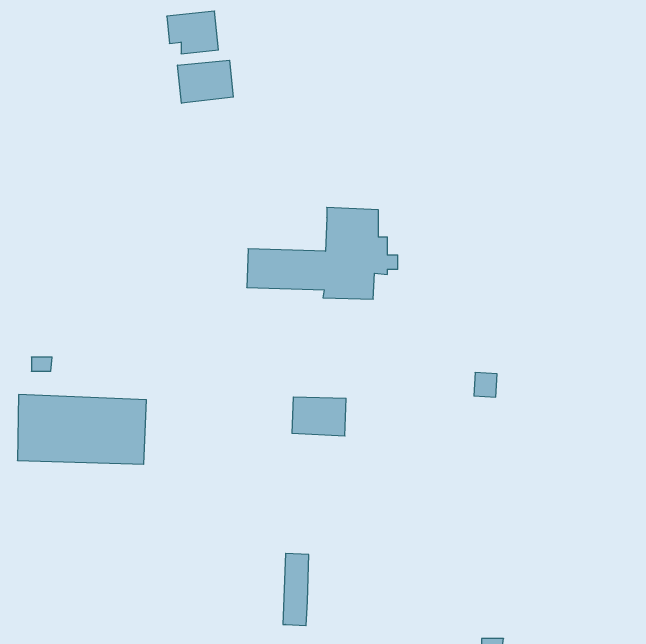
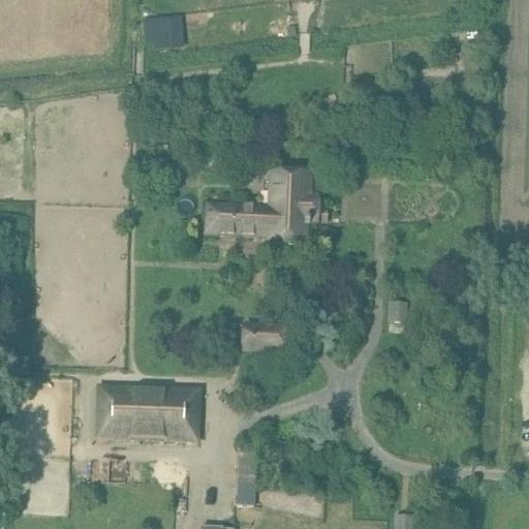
building: [178,60,233,103] -> none
building: [17,395,146,464] -> [97,383,200,439]

